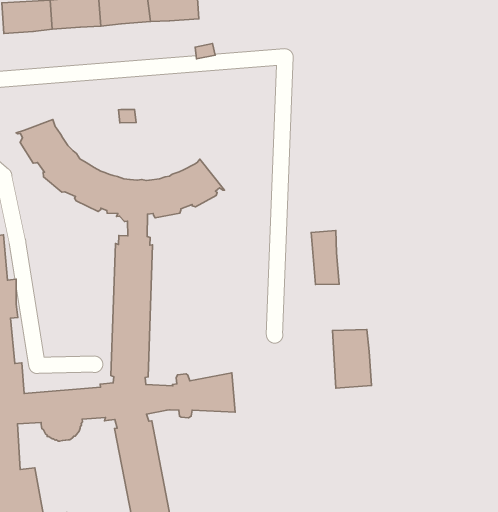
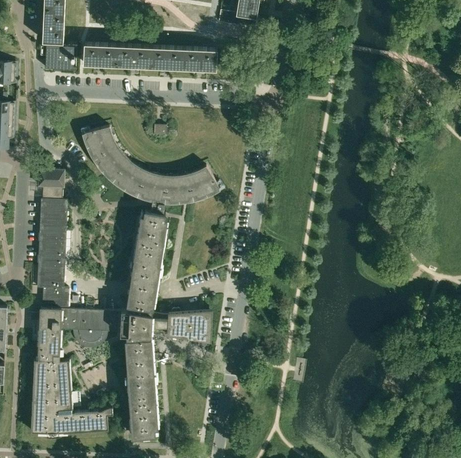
building: [311,231,339,285] -> none
building: [333,330,372,388] -> none

